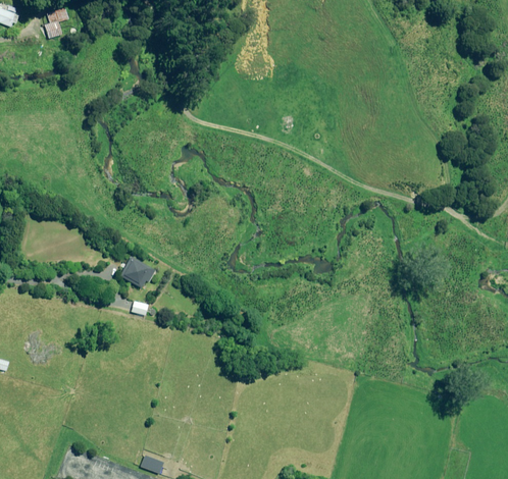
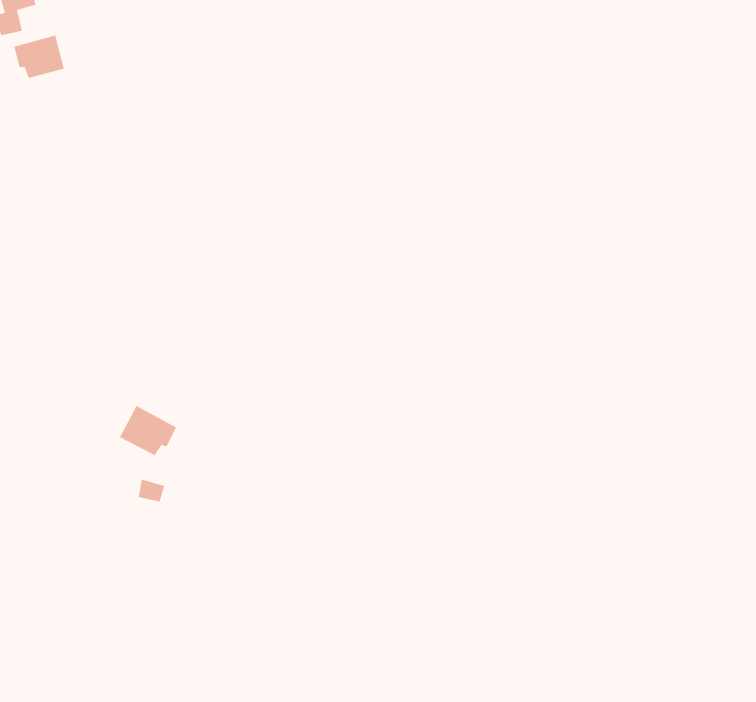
building: none -> [14,34,65,79]

